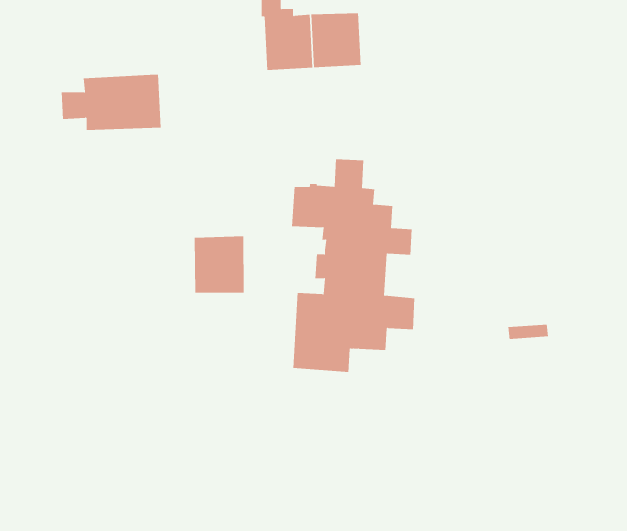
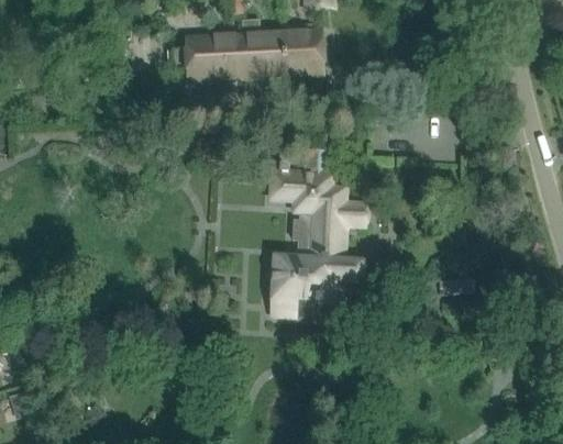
building: [61,74,161,131] -> [169,33,250,78]
building: [194,236,244,294] -> none

